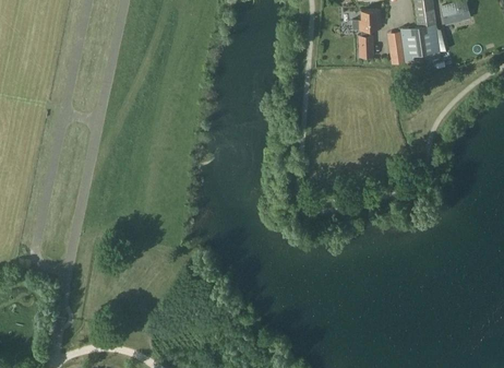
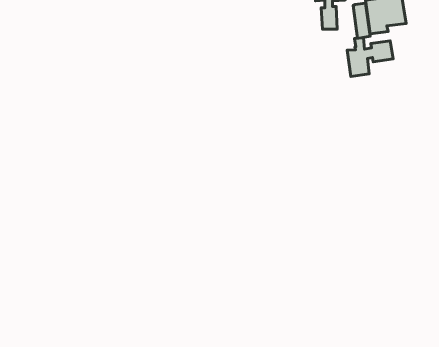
building: none -> [347,38,393,76]

